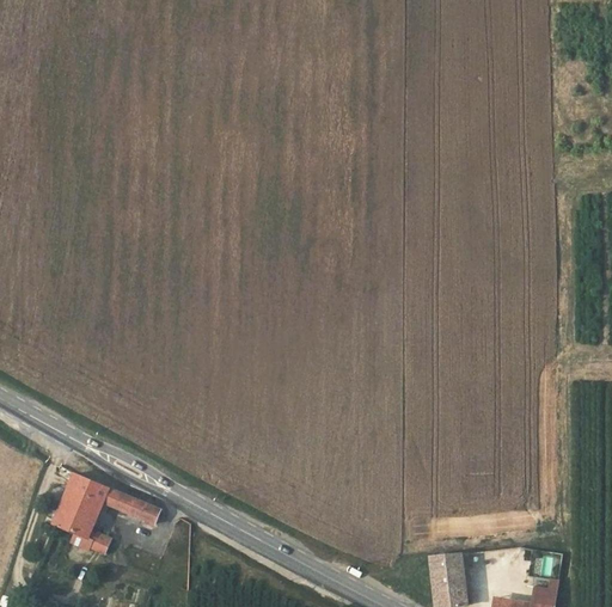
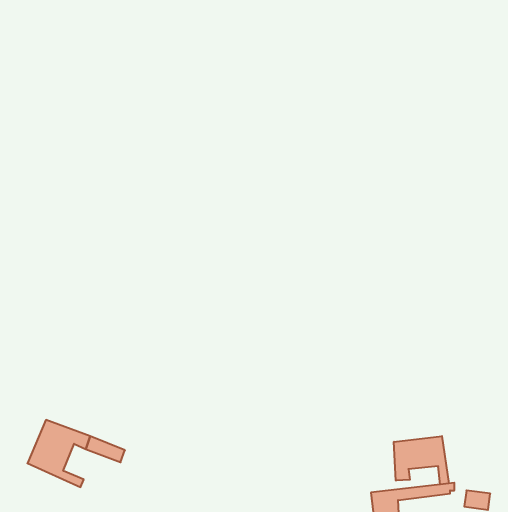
building: none -> [394,436,449,484]

